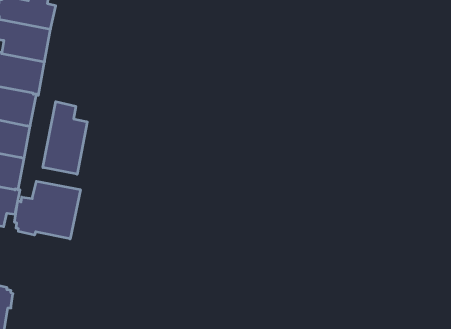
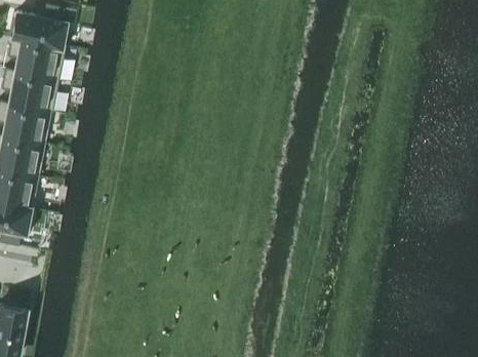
building: [43,102,87,174] -> none
building: [15,181,80,239] -> none

